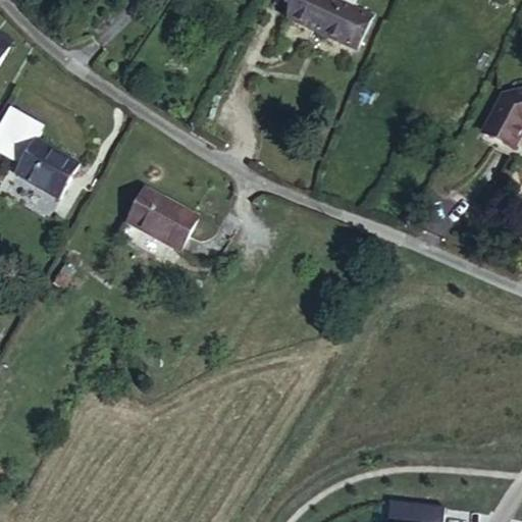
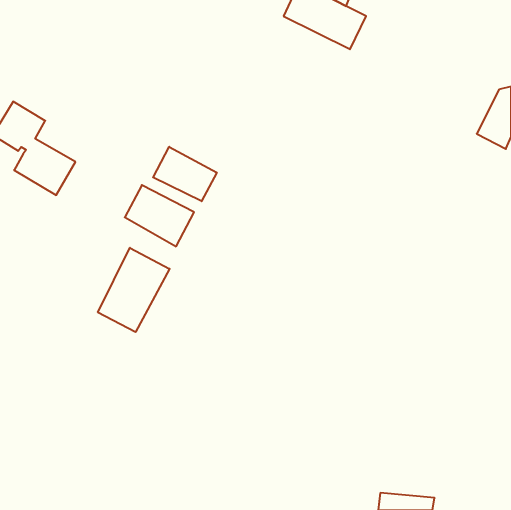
building: none -> [153,147,217,201]
building: none -> [98,248,170,332]

